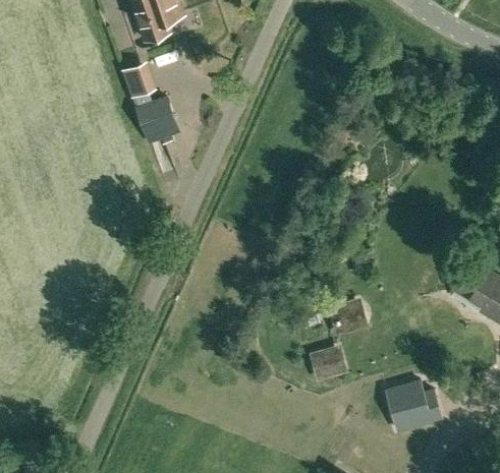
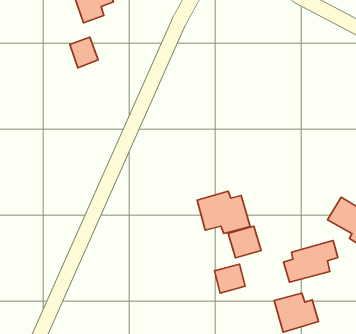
building: [136,99,175,134] -> none
building: none -> [197,191,250,234]
building: none -> [283,240,338,282]

